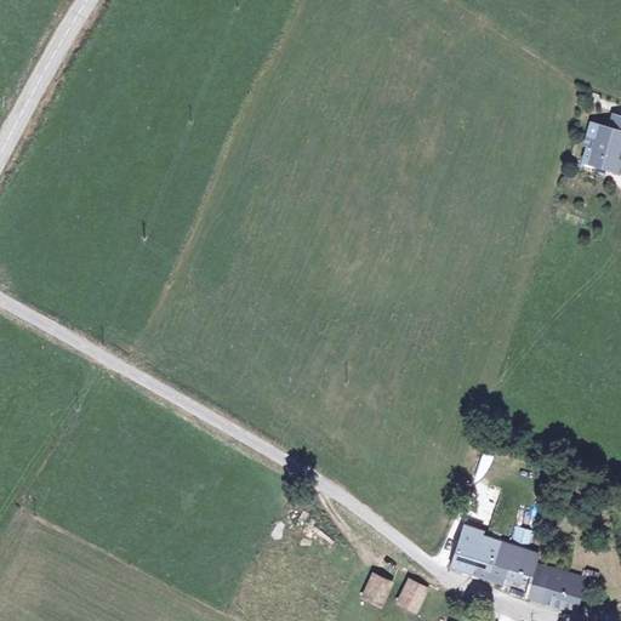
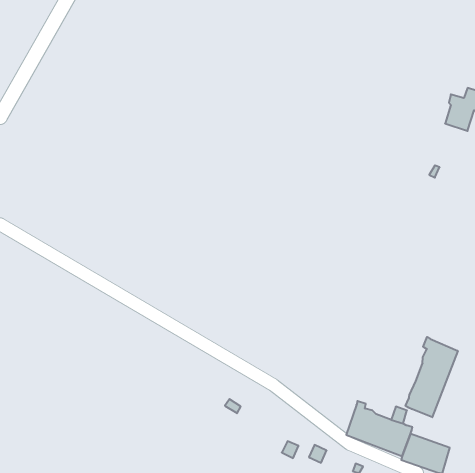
building: none -> [406,337,458,417]

